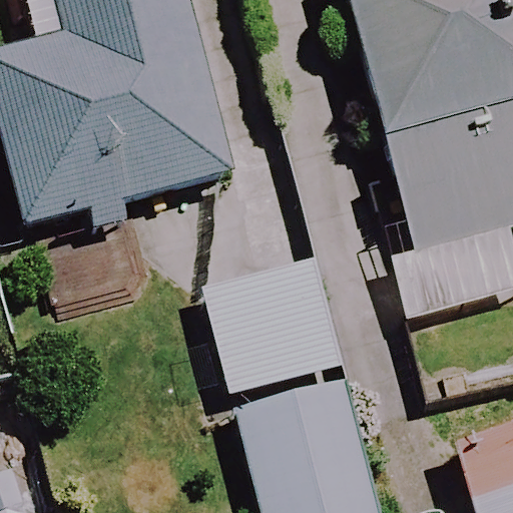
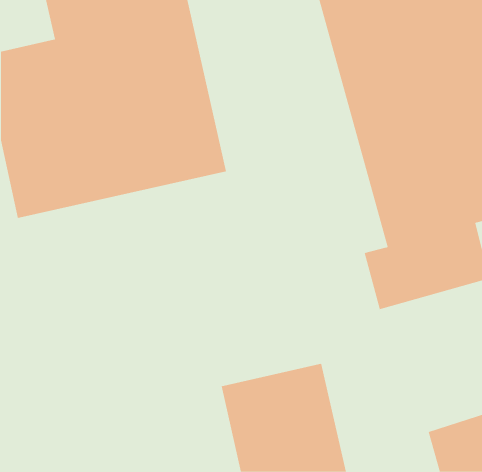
building: [210,263,344,406] -> none

